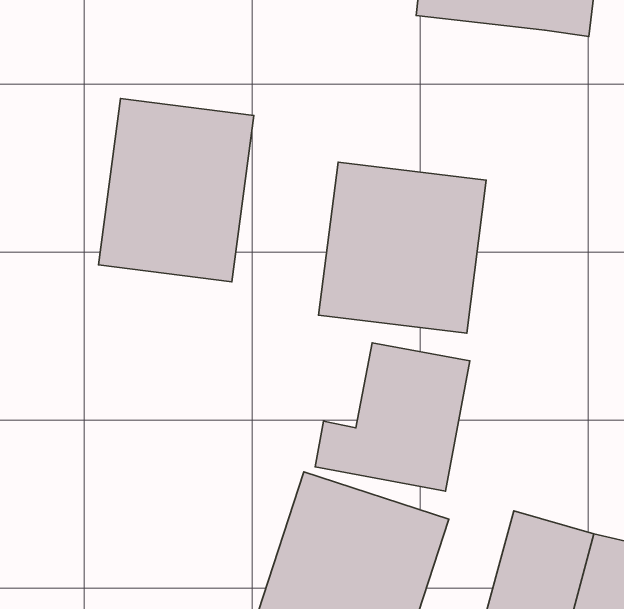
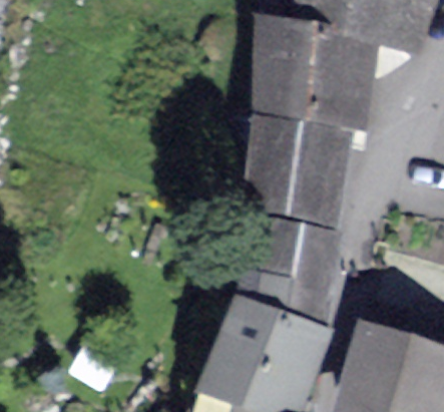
building: none -> [252,21,379,130]
building: [98,98,254,282] -> none

